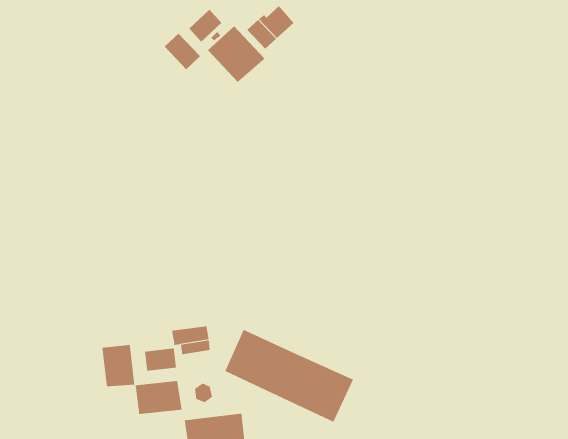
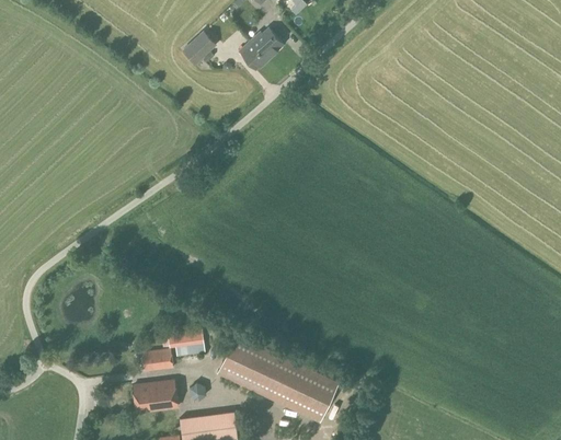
building: [207,25,266,83] -> none
building: [164,33,201,70] -> none
building: [102,344,135,387] -> none

